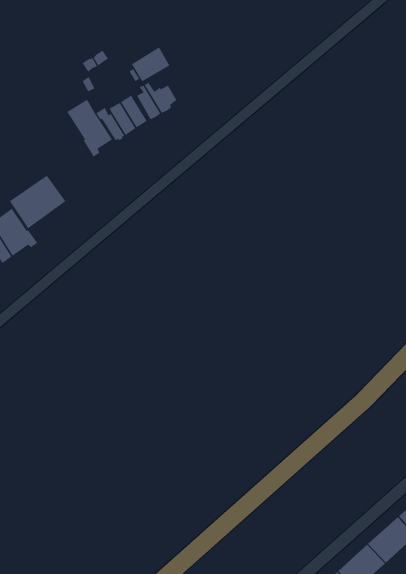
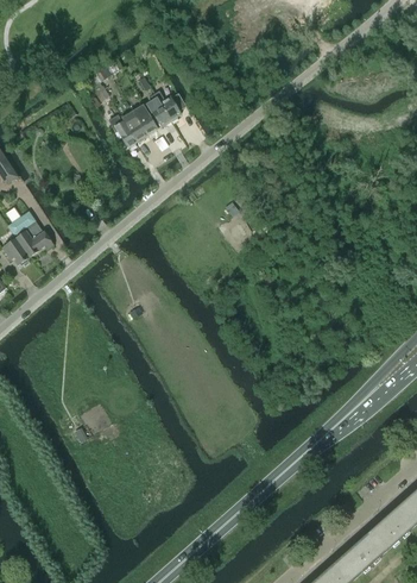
building: [131,47,170,82] -> none
building: [66,99,113,157] -> none
building: [9,175,66,229] -> none

